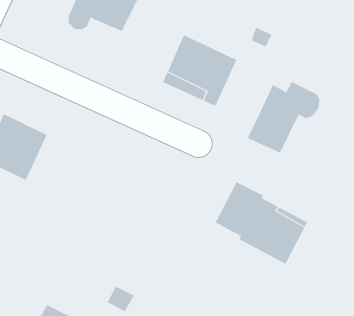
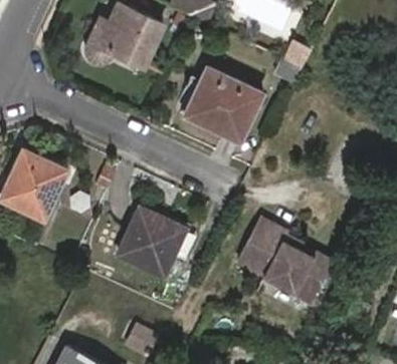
building: [247,81,320,153] -> none
building: none -> [118,207,183,274]

